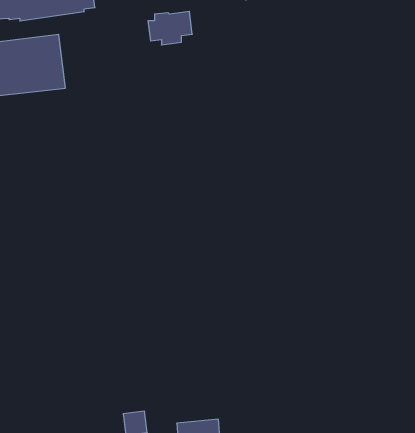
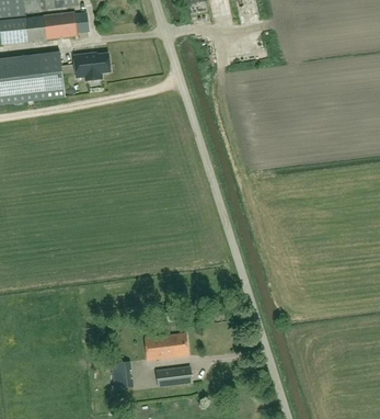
building: [148,11,192,45] -> [73,52,110,79]
building: none -> [142,331,188,359]

